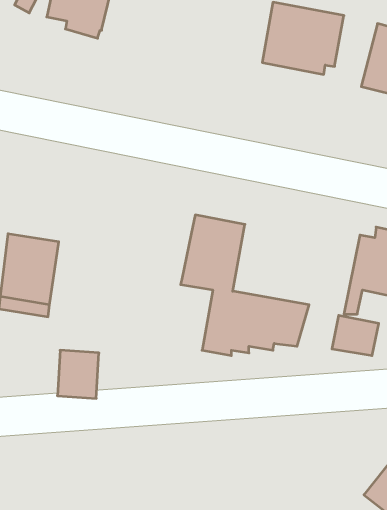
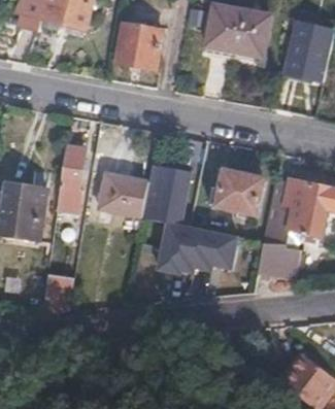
building: none -> [112,21,158,65]
building: none -> [56,145,87,217]
building: none -> [211,170,263,213]
building: none -> [99,173,148,216]

